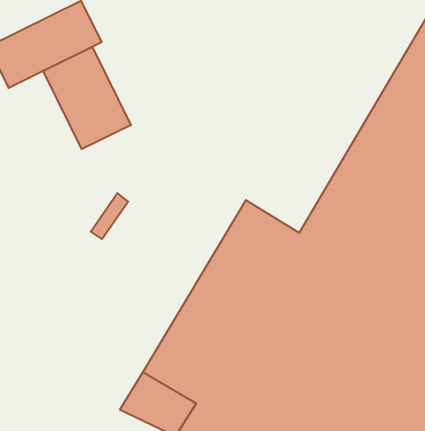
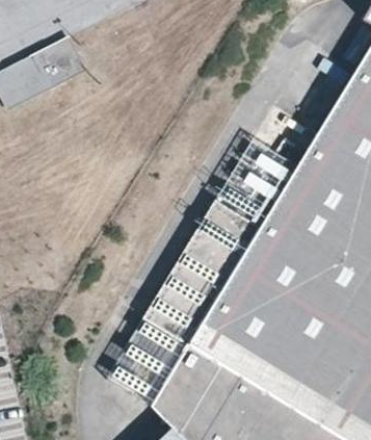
building: [43,47,131,149] -> none

